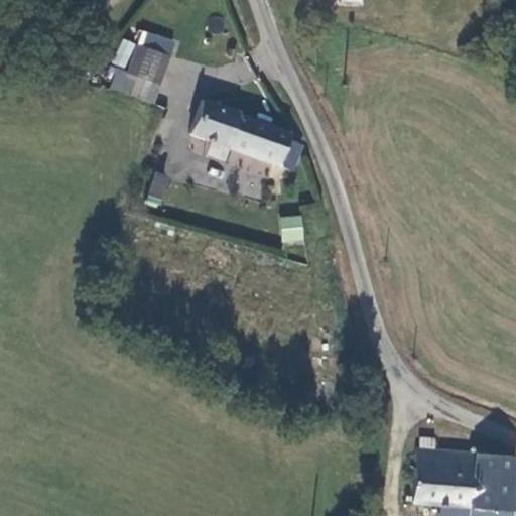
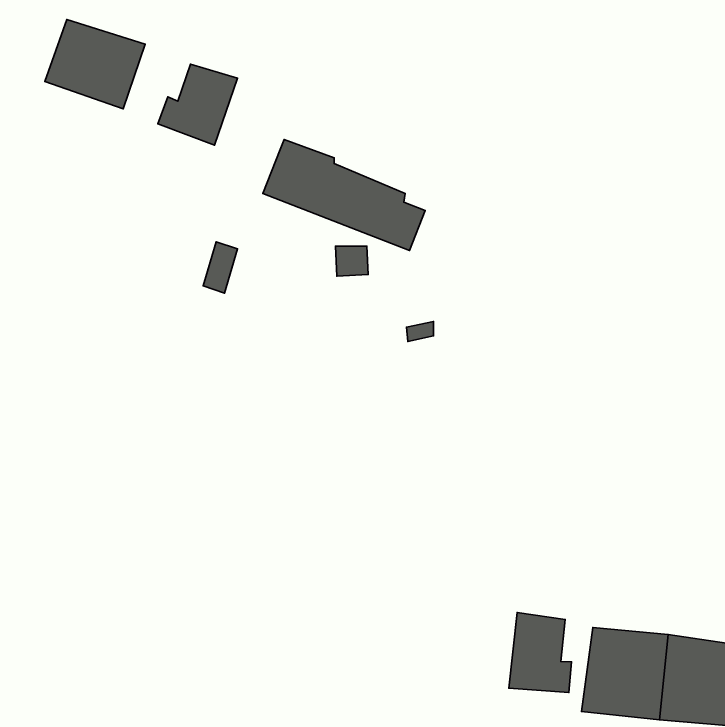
building: none -> [45,19,145,109]
building: none -> [509,612,571,693]

